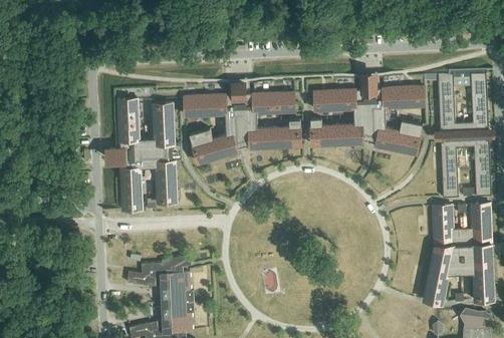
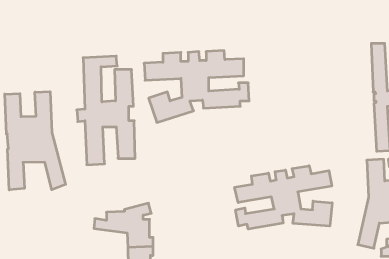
building: [310,77,425,152] -> none
building: none -> [5,92,66,190]
building: none -> [235,166,332,229]

